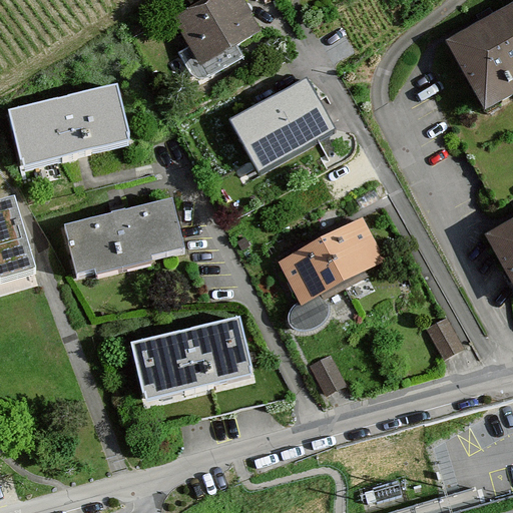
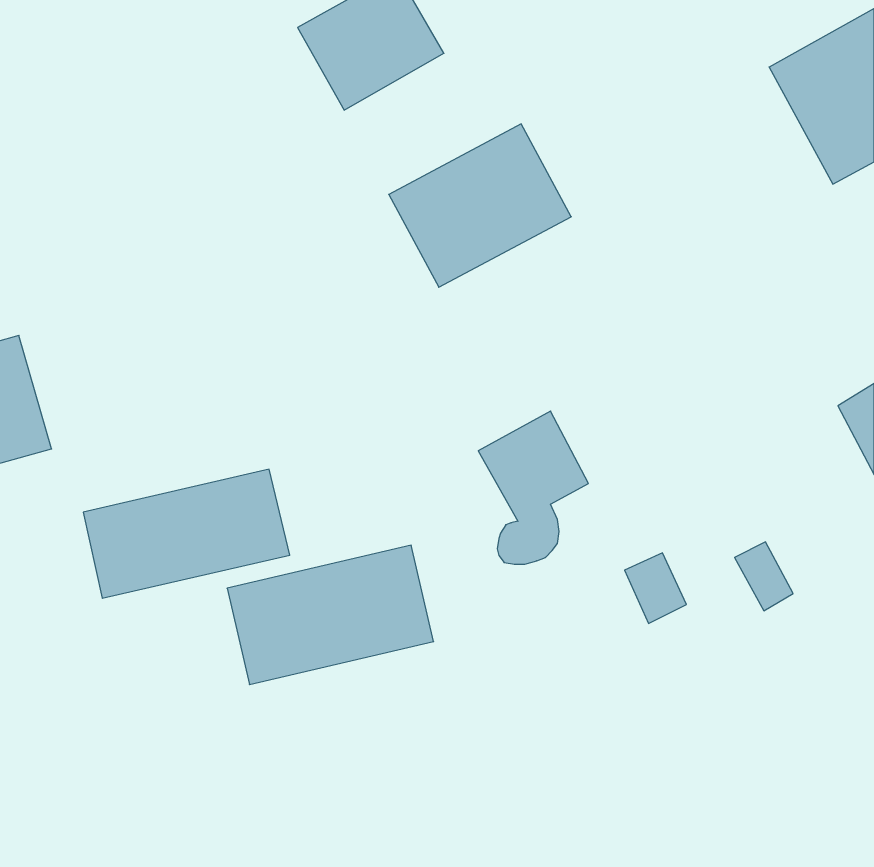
building: [8,86,129,166] -> none
building: [64,199,184,275] -> [83,469,290,598]
building: [321,216,385,282] -> none
building: [310,353,346,394] -> [625,553,686,623]

